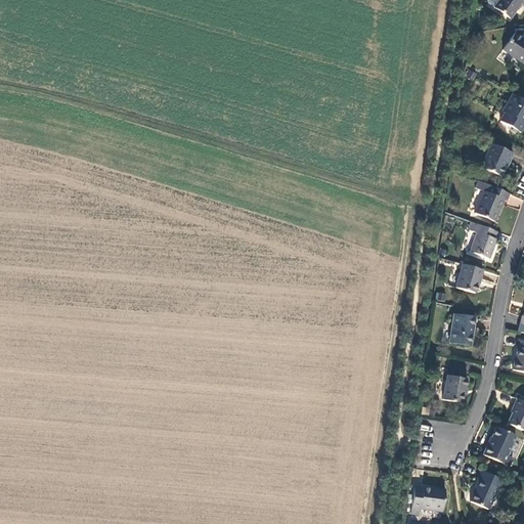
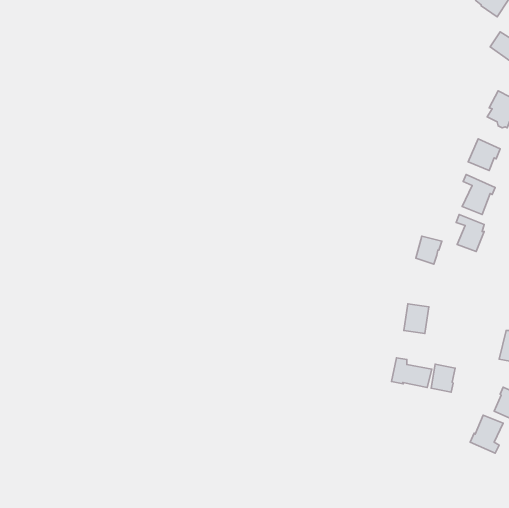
building: [456,263,483,292] -> [416,236,442,264]
building: [450,313,476,344] -> [404,304,429,334]
building: none -> [392,358,432,388]
building: [471,469,505,508] -> none
building: [411,485,446,513] -> none

